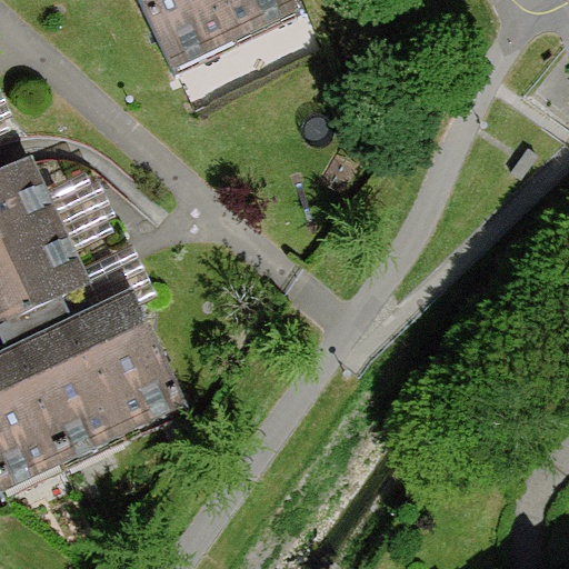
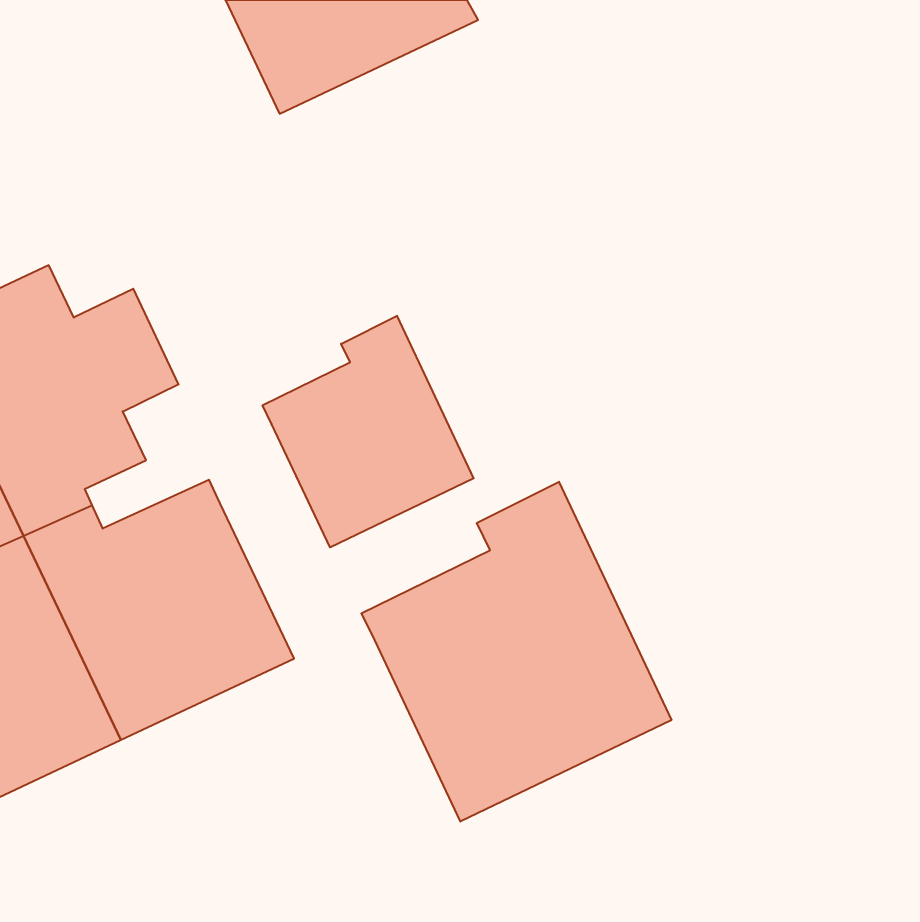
building: none -> [263,316,474,547]
building: none -> [361,482,671,822]

